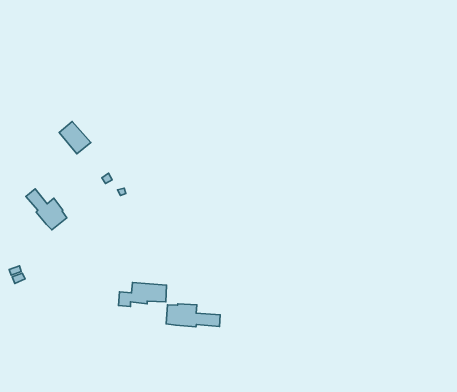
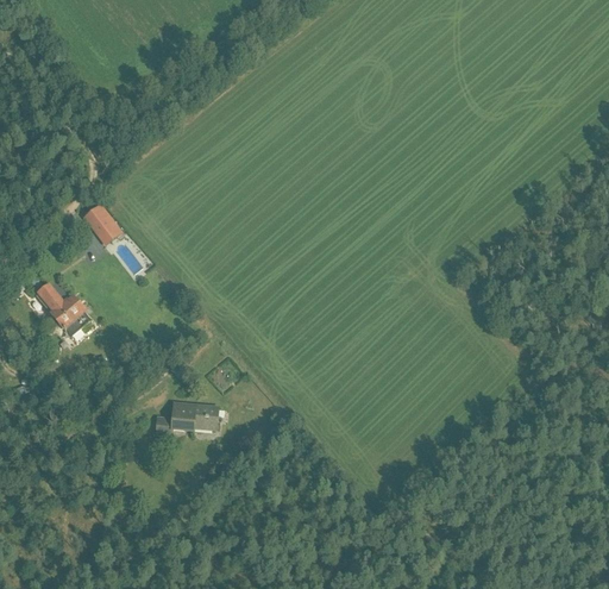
building: [166,304,220,327] -> none

